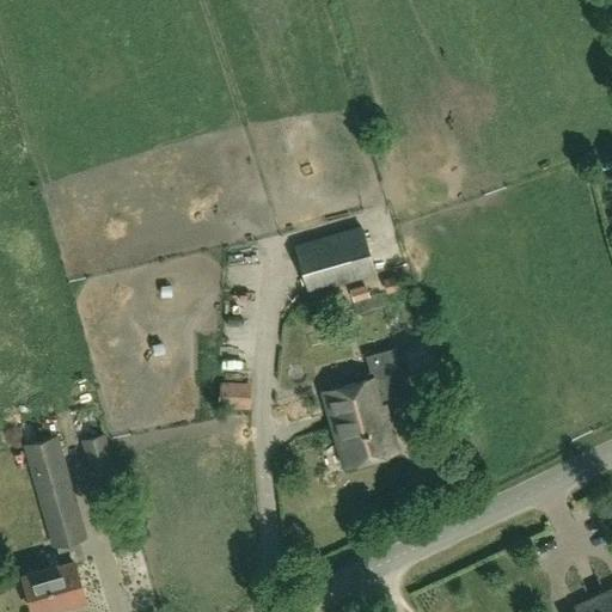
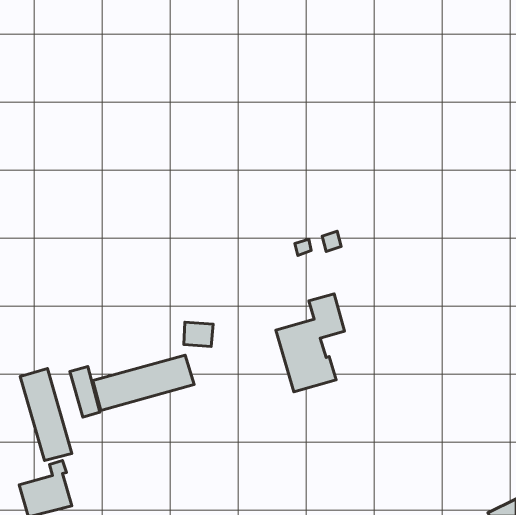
building: [296,228,374,292] -> none
building: none -> [93,355,194,411]

